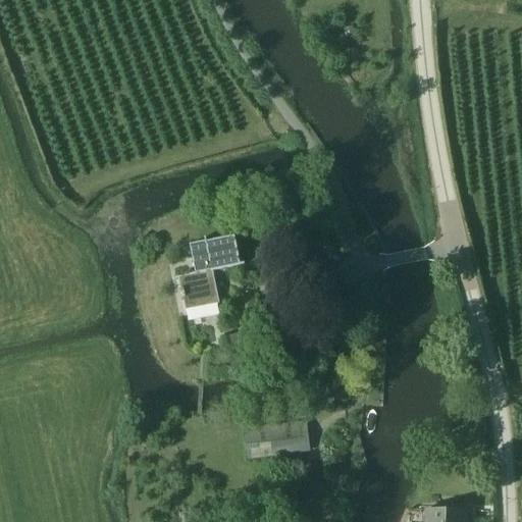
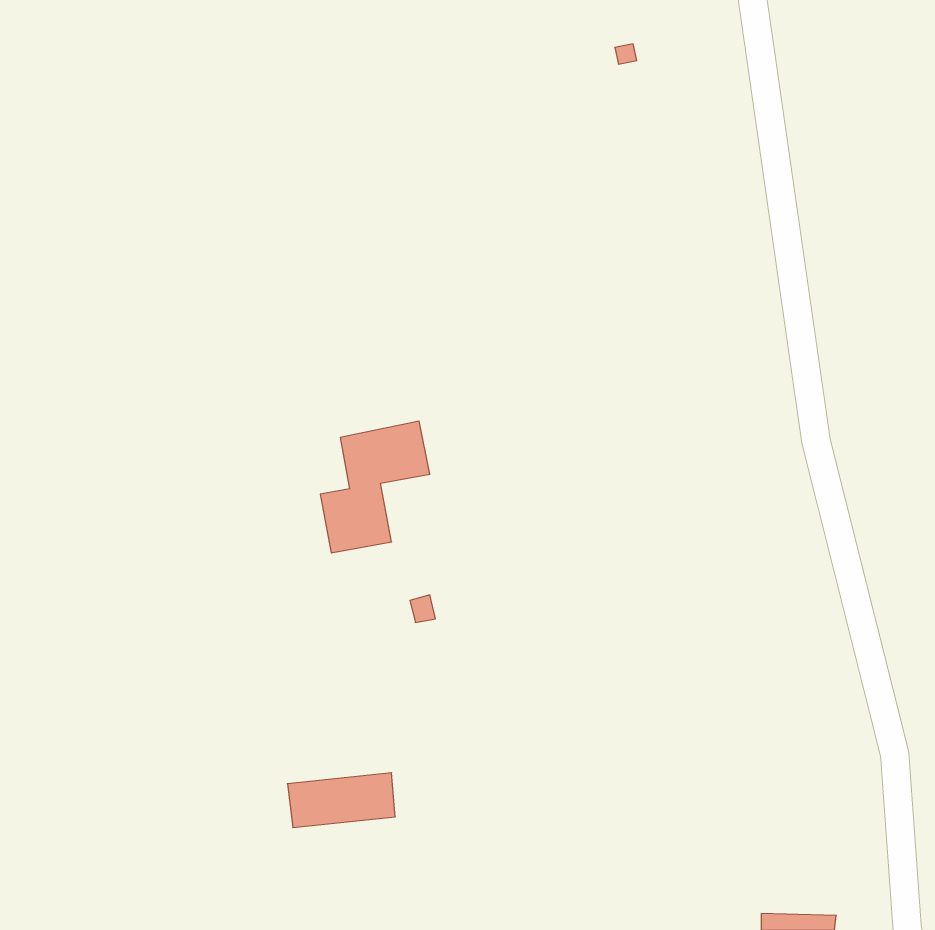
building: [247,424,307,455] -> [287,773,395,828]

